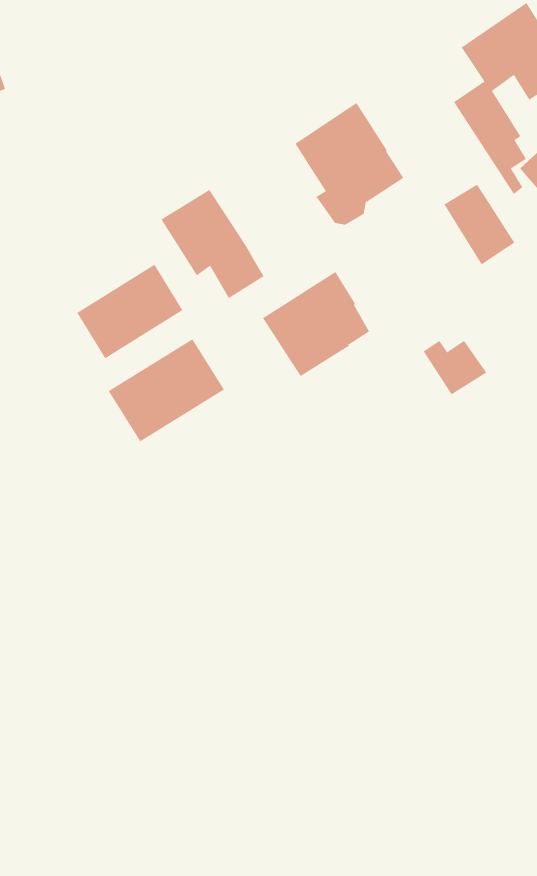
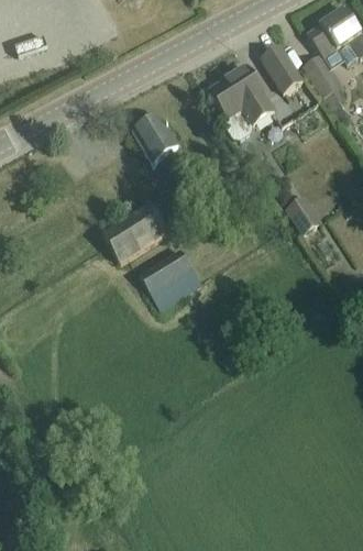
building: [443,184,515,265] -> [260,43,301,90]
building: [77,264,183,359] -> none
building: [262,271,370,377] -> [138,247,200,309]

